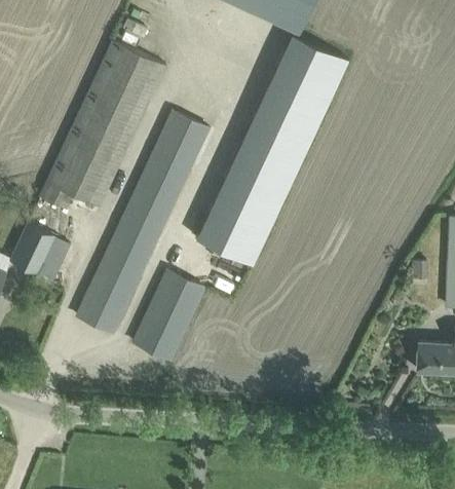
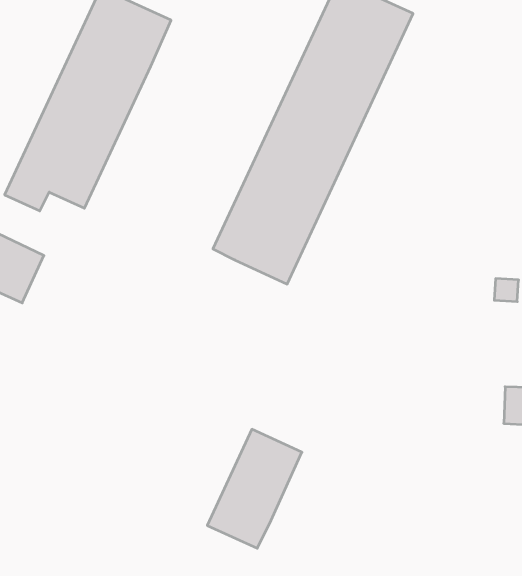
building: [76,112,210,335] -> none
building: [132,271,204,362] -> [207,429,302,548]

